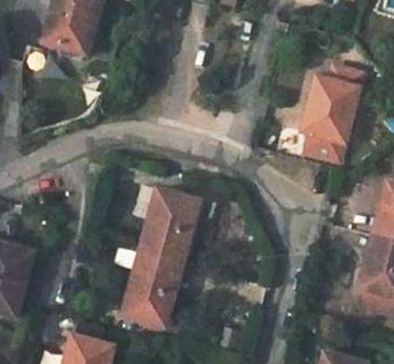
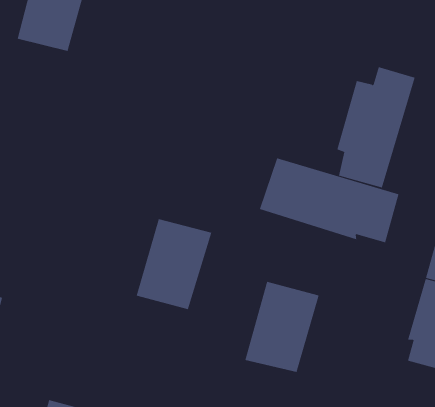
building: none -> [259,158,399,243]
building: [121,250,181,324] -> [244,281,319,373]

